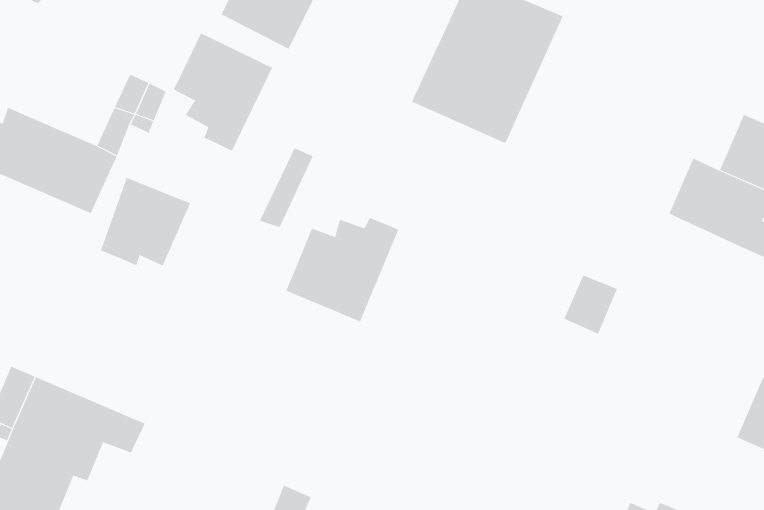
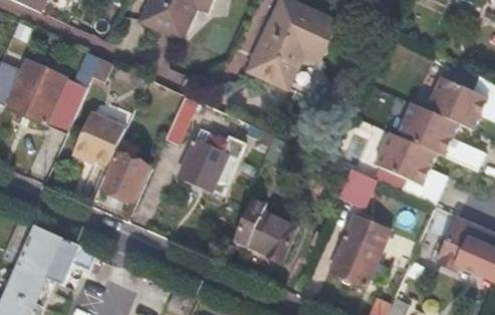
building: [173,33,273,152] -> none
building: none -> [375,129,444,204]
building: none -> [103,141,148,202]
building: none -> [235,198,295,258]
building: none -> [328,217,387,287]

